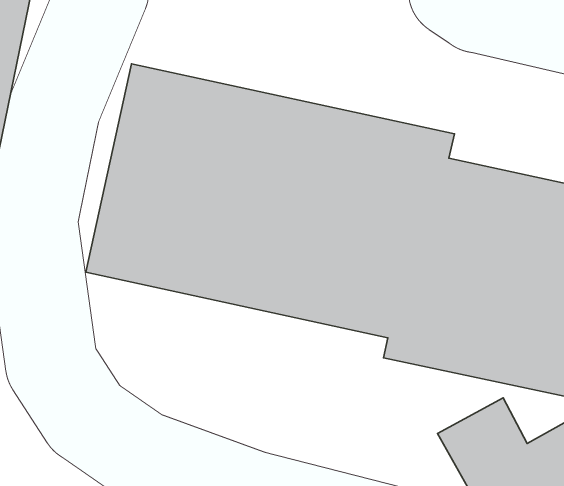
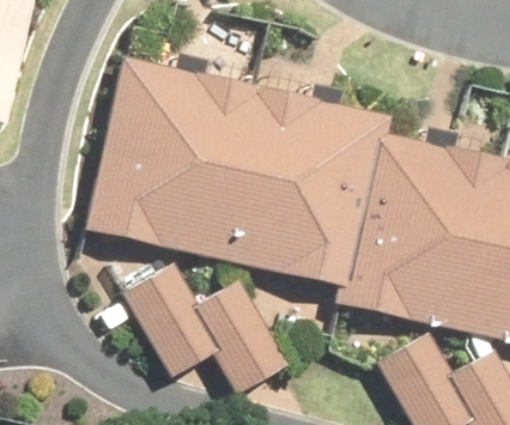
building: none -> [123,259,291,391]

